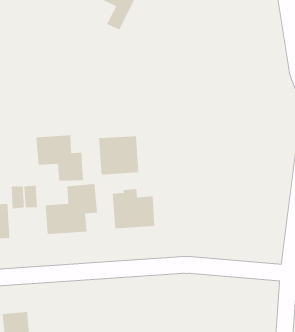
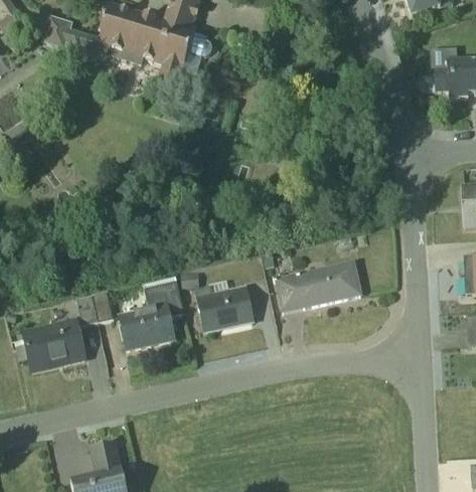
building: [36,134,83,182] -> none
building: [99,136,139,175] -> none
building: none -> [274,261,359,311]

